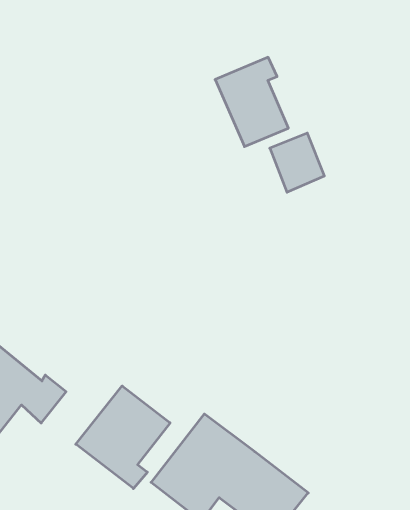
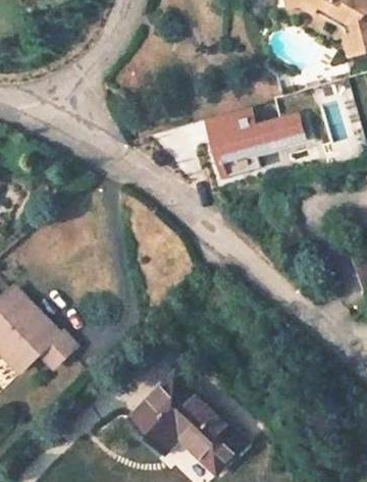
building: [270,133,324,192] -> [273,108,312,151]
building: [76,386,170,489] -> none

